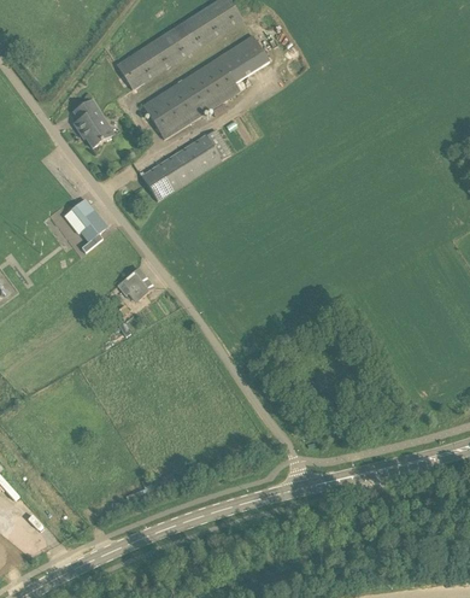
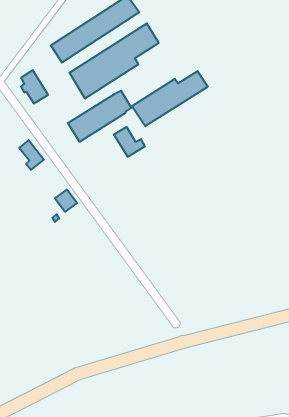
building: none -> [132,71,208,126]
building: none -> [114,127,145,157]

